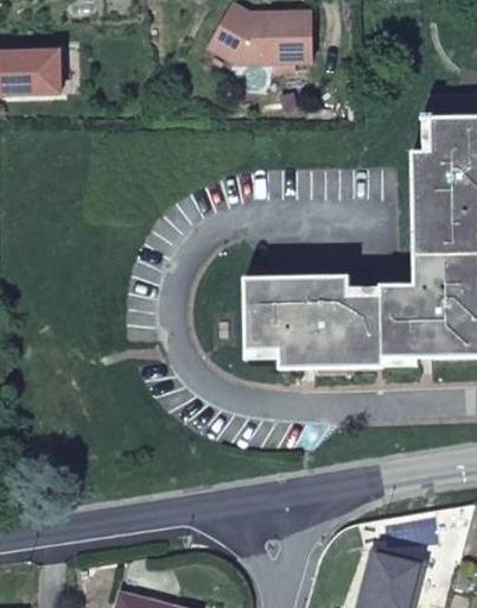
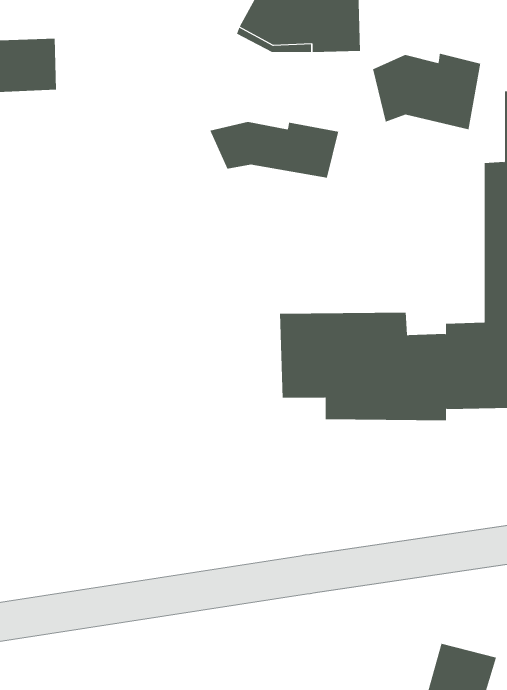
building: none -> [373,53,481,130]
building: none -> [209,121,339,178]

